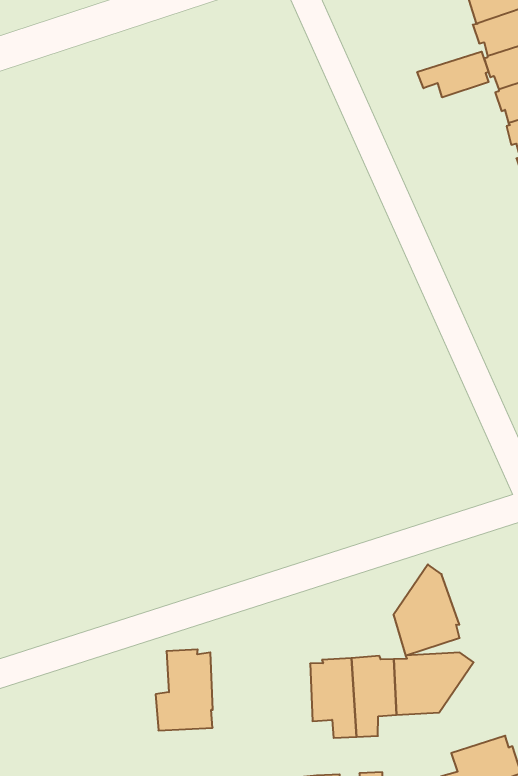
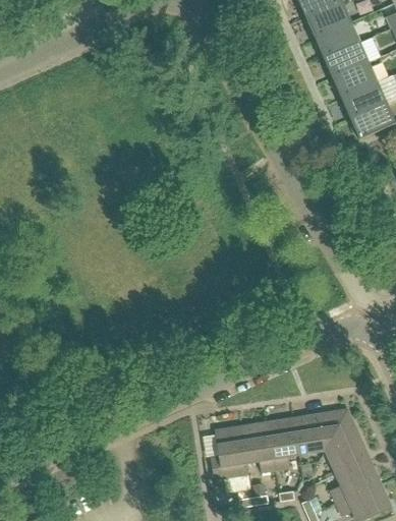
building: [417,52,489,97] -> none
building: [393,564,460,655] -> [326,415,369,473]
building: [156,649,213,730] -> [211,425,248,478]

